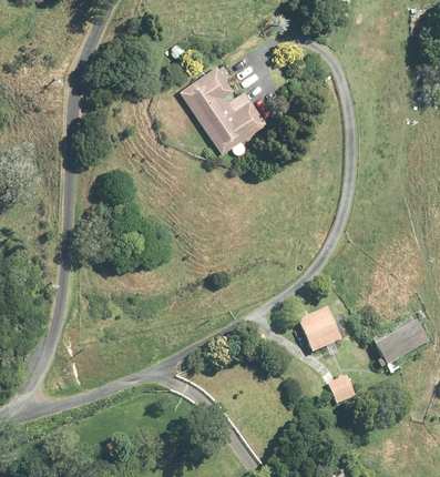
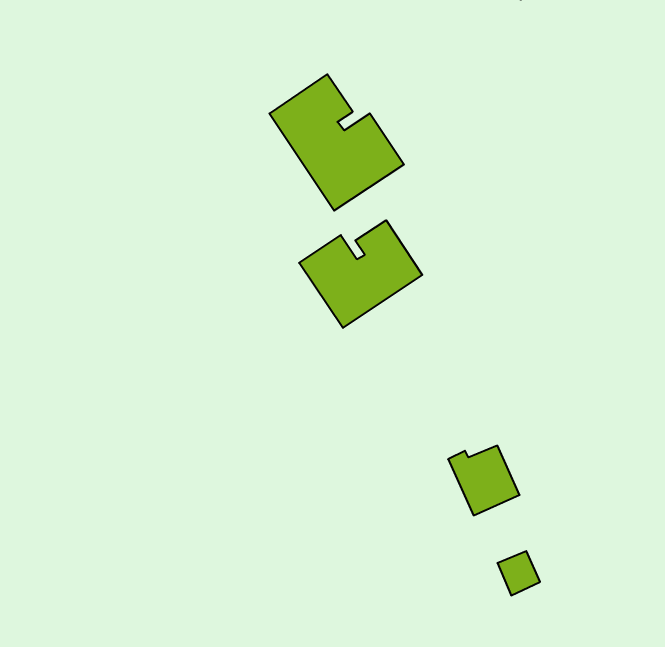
building: none -> [299,220,422,328]
building: [371,316,430,374] -> none

